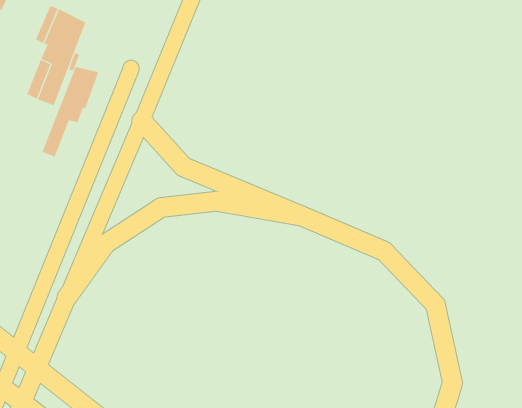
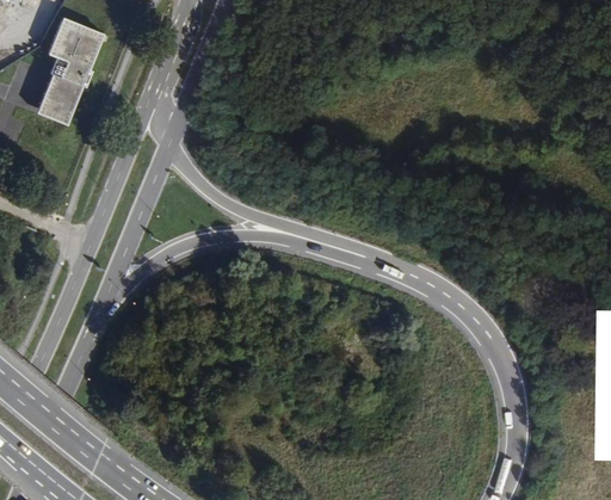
building: [42,66,99,157] -> none

